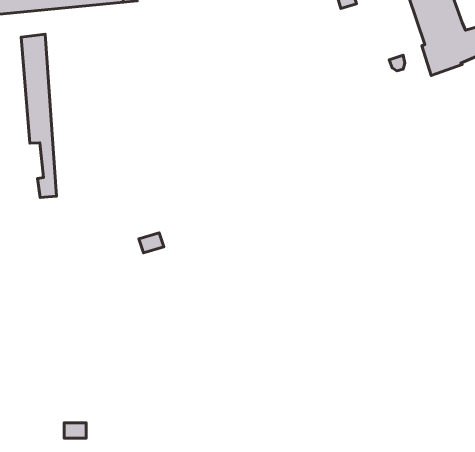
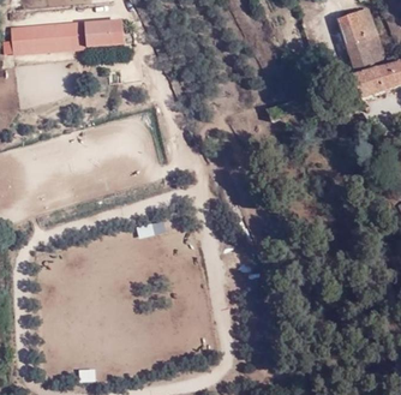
building: [21,34,57,198] -> none

